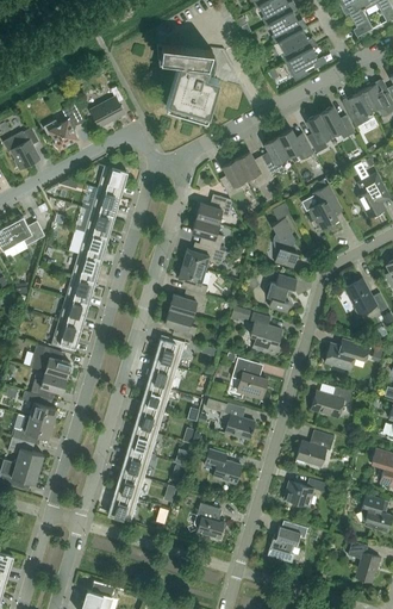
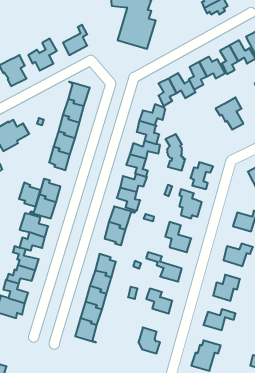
building: [270,217,298,267] -> [165,134,185,170]
building: [64,274,94,307] -> [19,182,41,207]
building: [141,379,170,411] -> none

